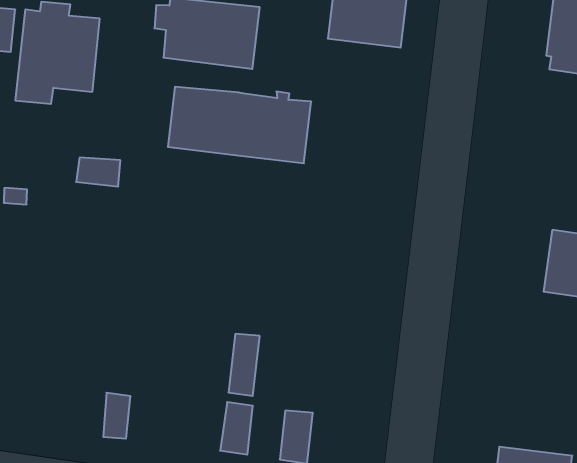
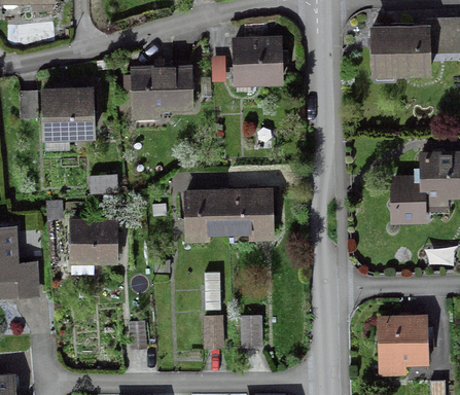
building: [168,87,311,163] -> [184,188,272,232]
building: none -> [71,221,115,272]

